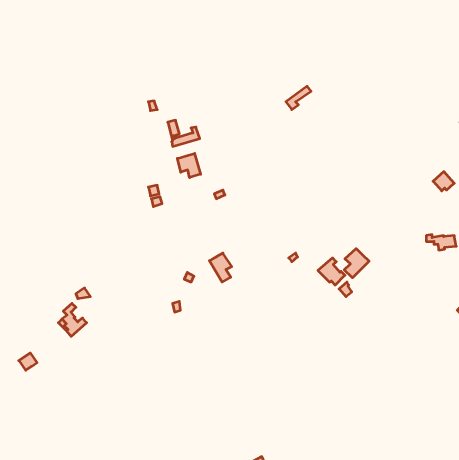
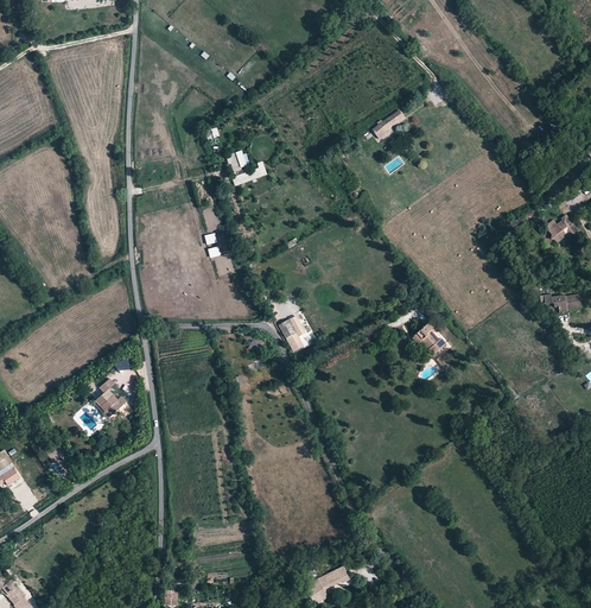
building: [177,153,201,178] -> none
building: [344,249,369,278] -> none

